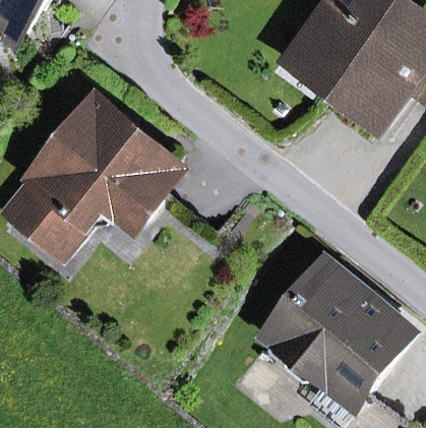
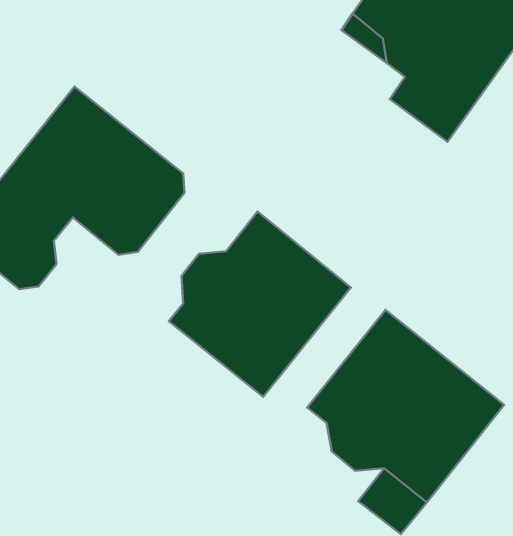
building: none -> [169,212,351,397]

